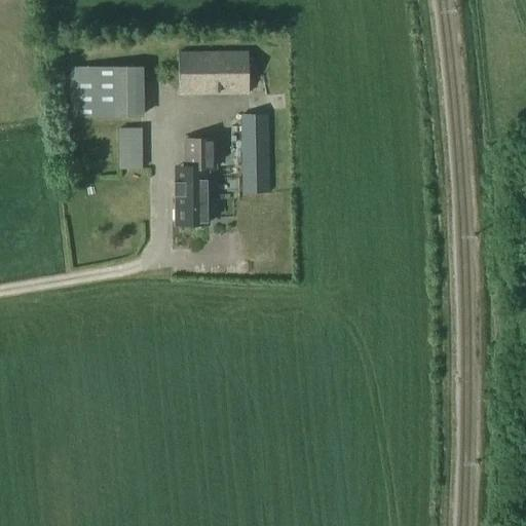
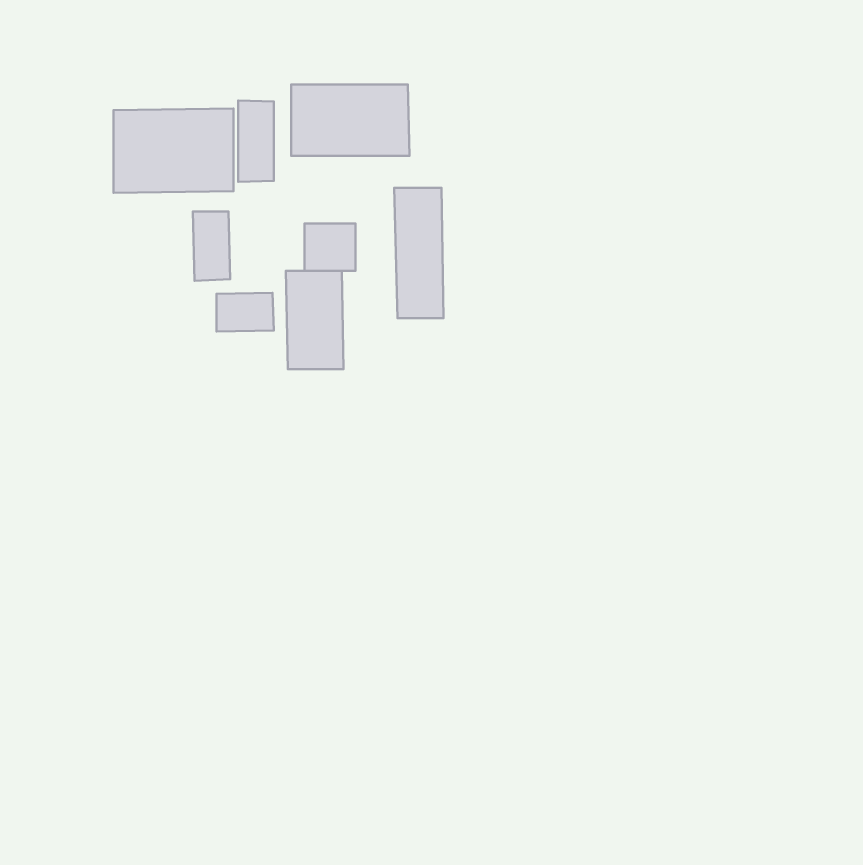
building: none -> [238,100,274,182]
building: none -> [217,293,274,332]

